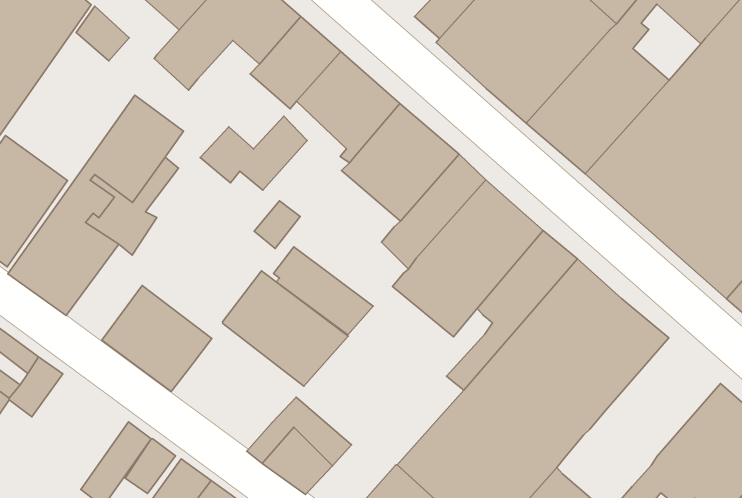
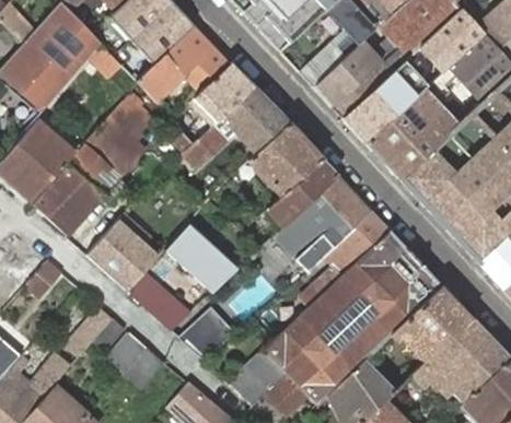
building: [274,247,373,335] -> [130,273,190,331]
building: none -> [399,285,473,364]

